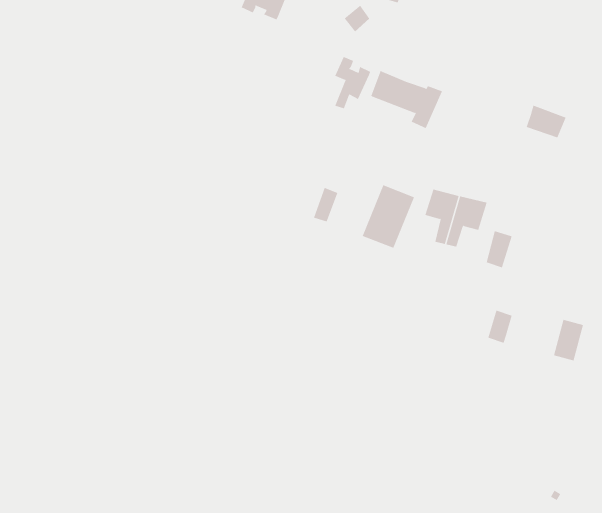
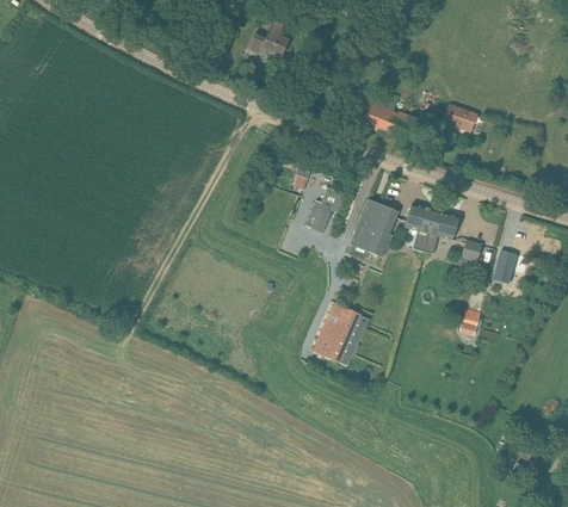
building: [334,56,371,109] -> none
building: [526,105,566,138] -> [443,101,477,130]
building: none -> [314,302,359,360]
building: [553,319,584,361] -> [490,248,517,284]

